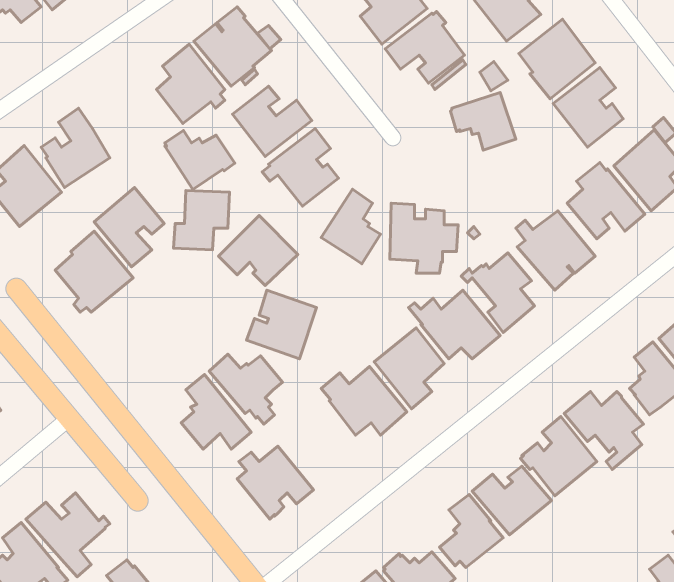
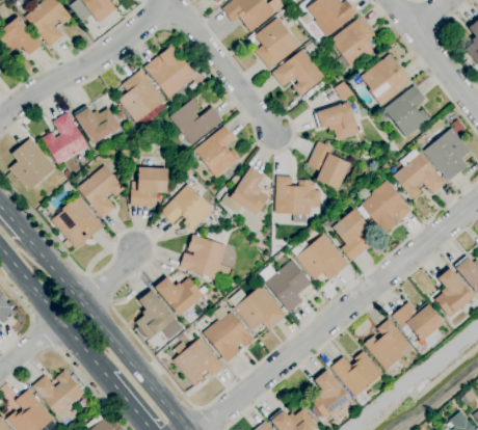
building: [165,130,235,190] -> [74,105,121,144]
building: none -> [307,141,349,190]
building: none -> [203,303,255,361]

